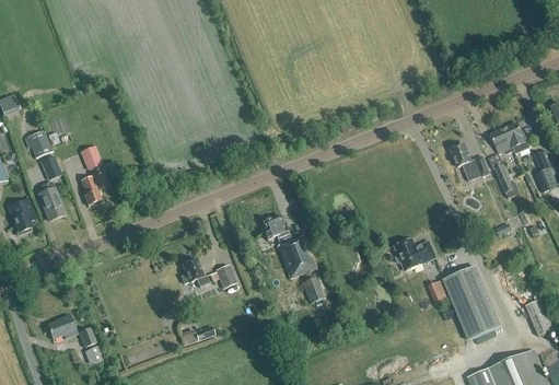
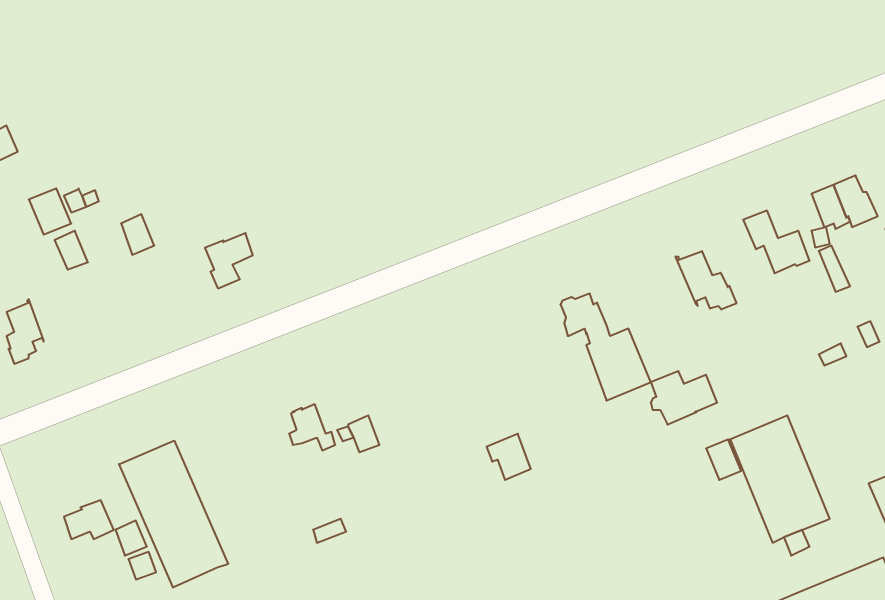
building: none -> [676,251,736,310]
building: [80,172,108,205] -> [205,233,253,288]
building: [38,180,63,220] -> none
building: [261,214,315,278] -> [560,294,651,401]
building: none -> [119,441,228,588]

